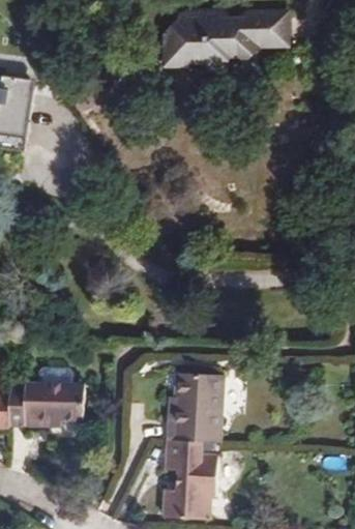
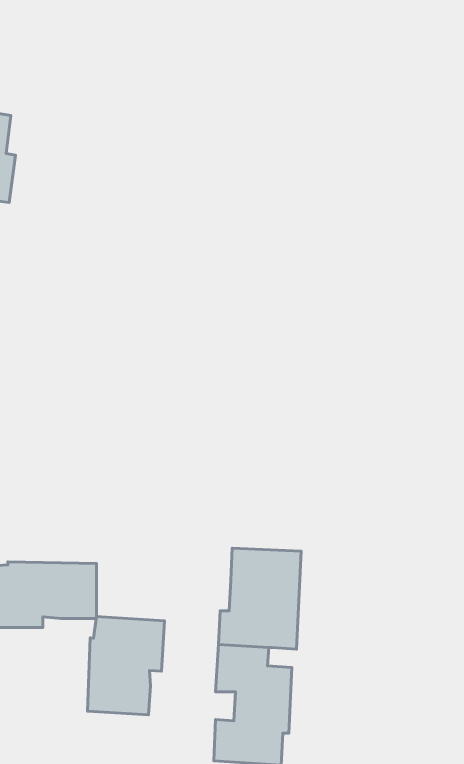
building: [162,12,287,67] -> none
building: none -> [87,617,165,715]

